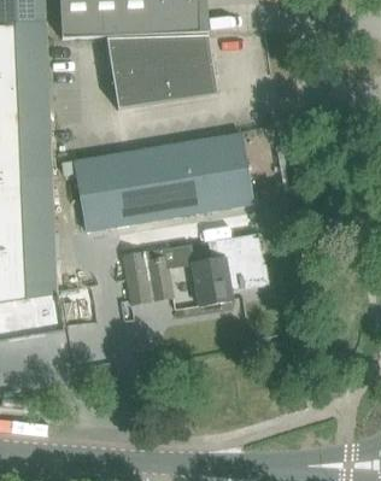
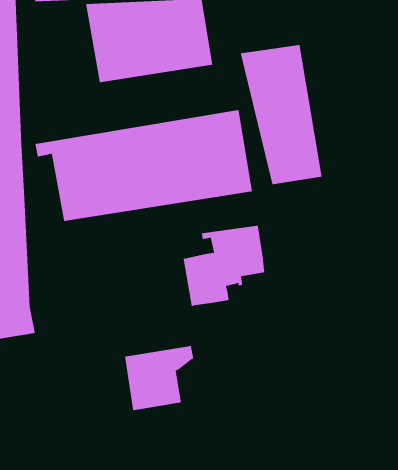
building: none -> [240,44,322,185]
building: [122,245,183,303] -> [124,345,194,411]

